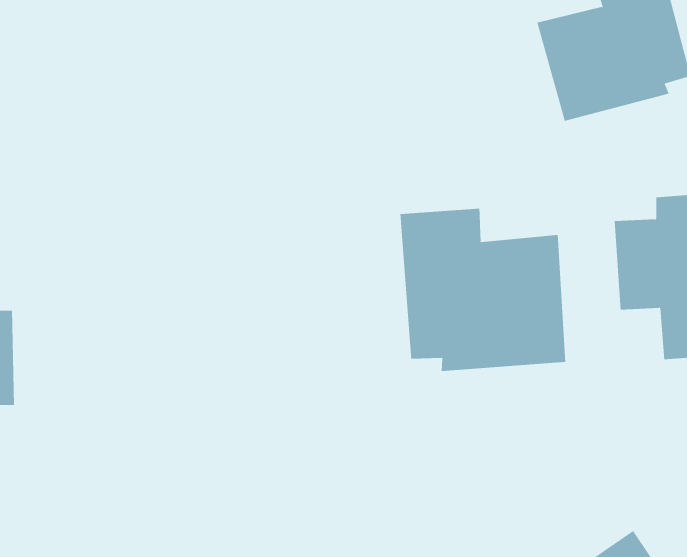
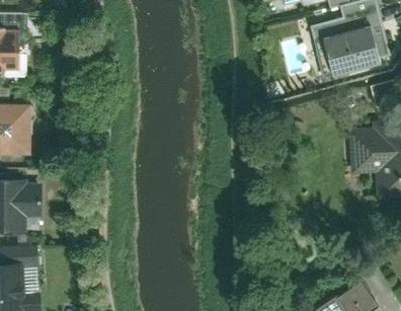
building: [400,208,566,372] -> none

